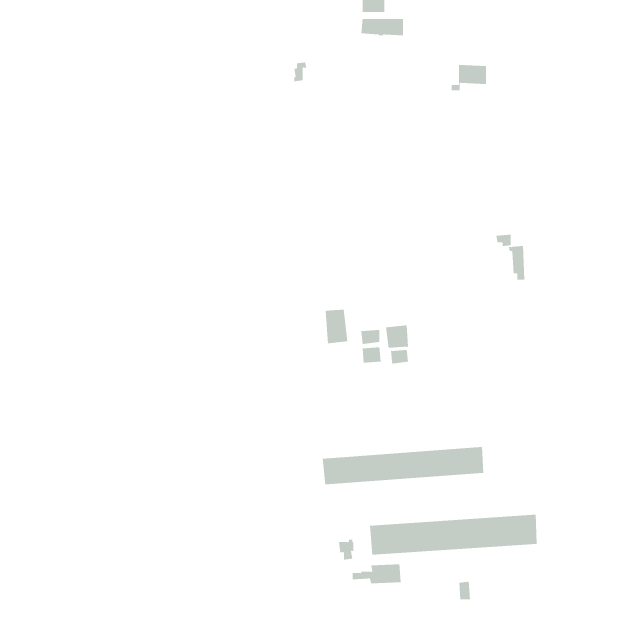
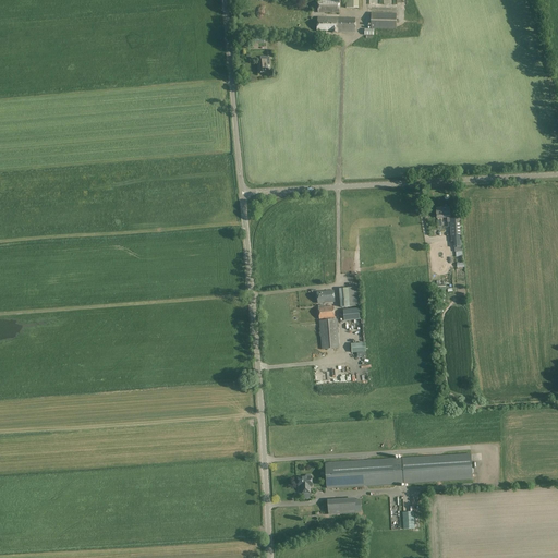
building: [451,65,487,91] -> [365,11,397,34]
building: [325,309,348,344] -> [319,318,340,349]
building: [322,446,484,485] -> none

